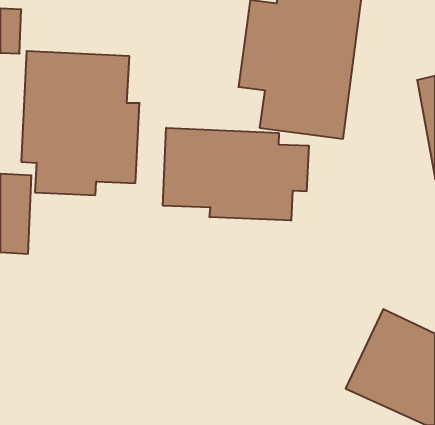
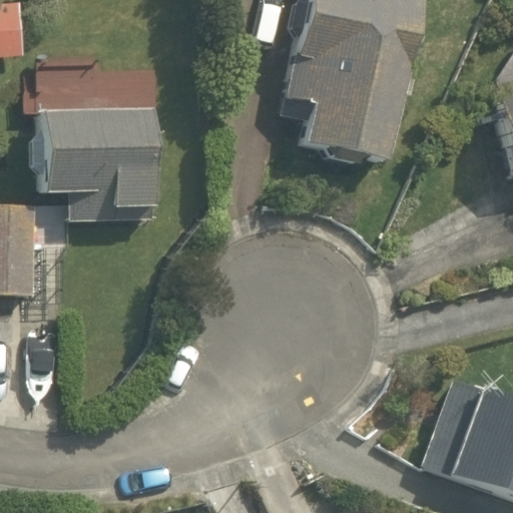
building: [163,128,309,221] -> none

